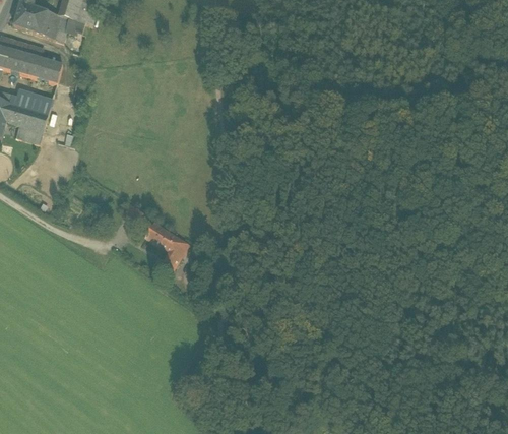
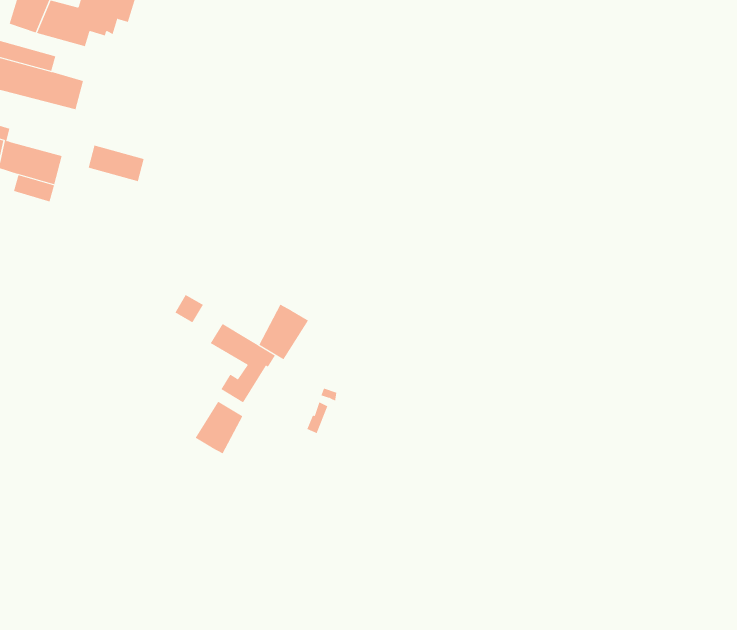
building: [13,88,51,113] -> [88,145,145,182]
building: none -> [258,304,309,360]
building: none -> [195,401,243,454]

